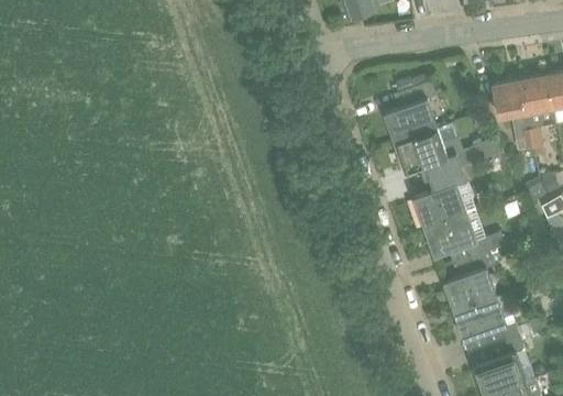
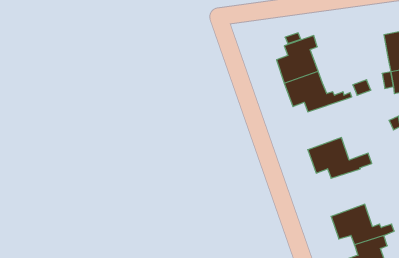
building: [493,81,526,118] -> none
building: [413,163,477,228] -> none
building: [443,252,496,312] -> none

